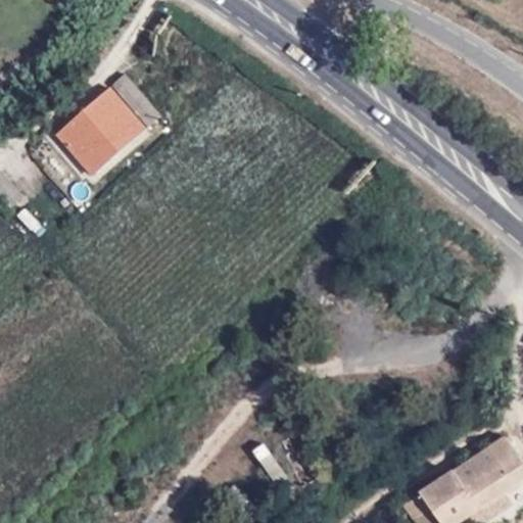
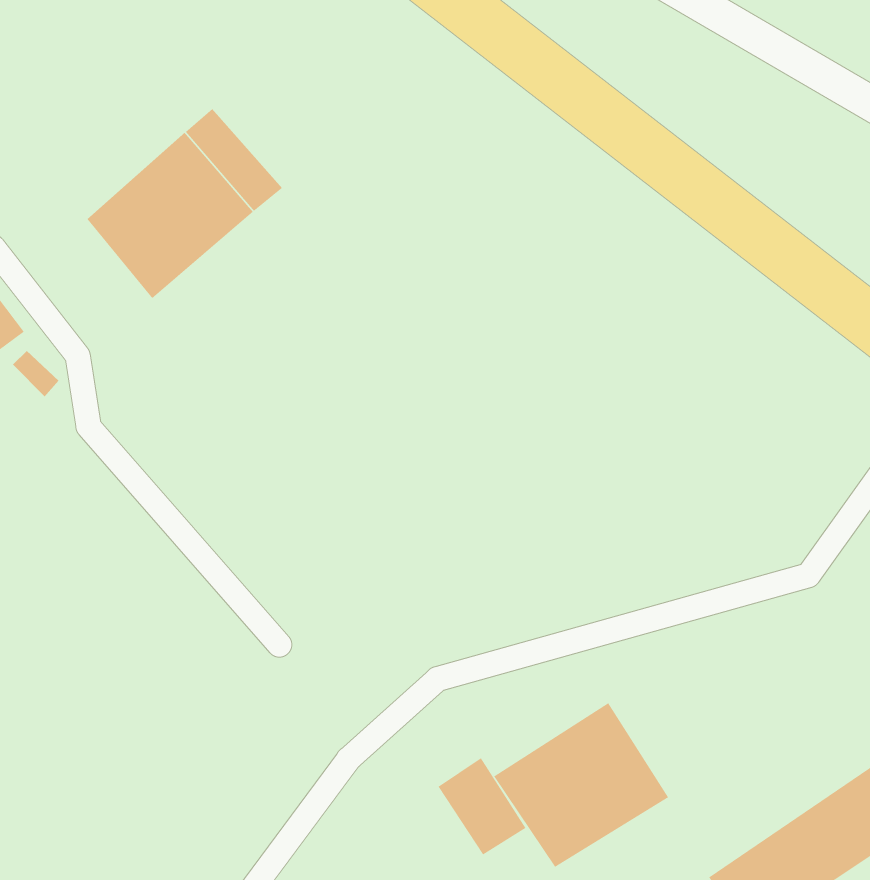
building: none -> [493,702,669,868]

